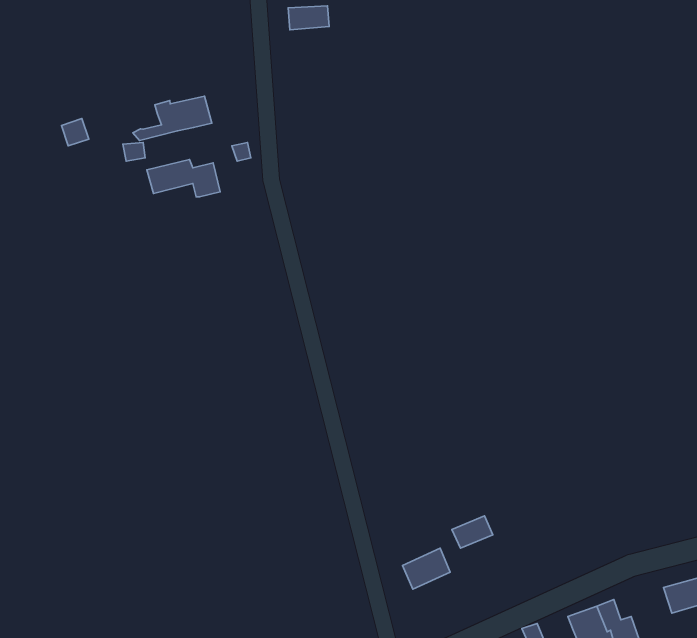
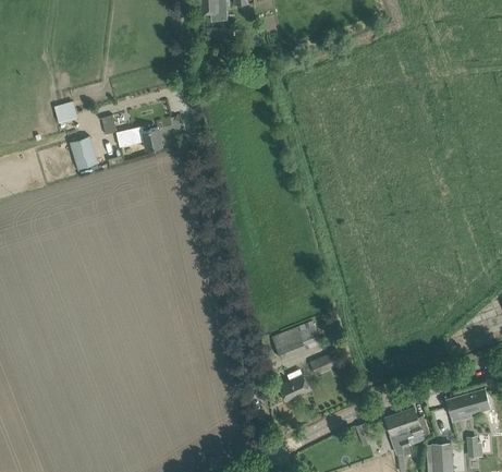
building: [133,96,212,140] -> none
building: none -> [70,136,97,168]
building: none -> [272,322,322,359]

